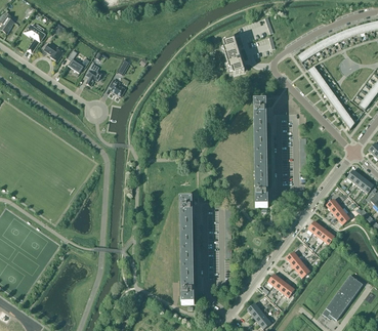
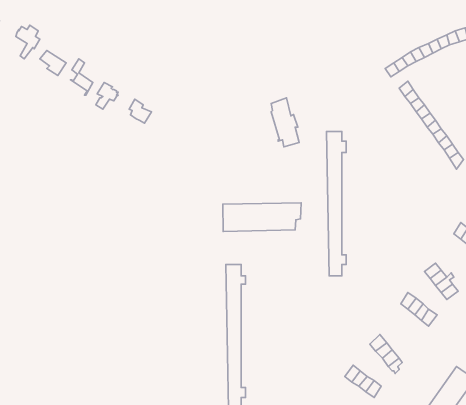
building: [223,39,244,75] -> [271,98,299,147]
building: none -> [223,203,301,231]

